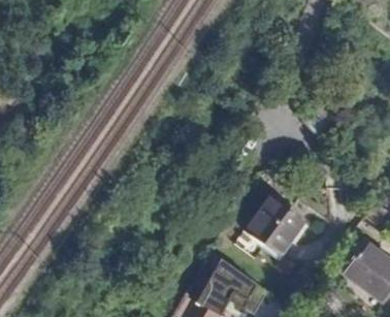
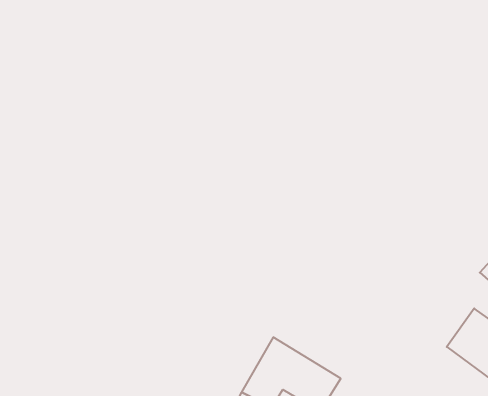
building: [248,197,303,255] -> none

